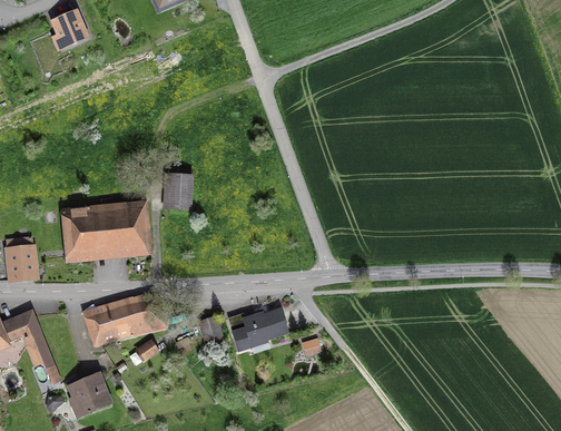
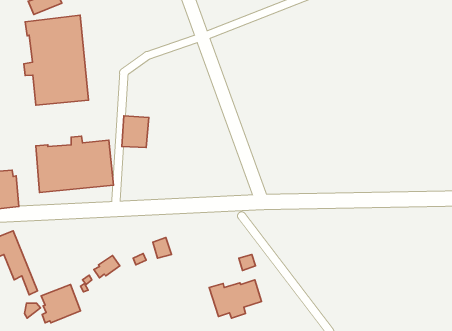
building: none -> [24,15,89,105]
building: [80,290,170,347] -> none
building: [226,307,288,353] -> [209,280,261,318]

